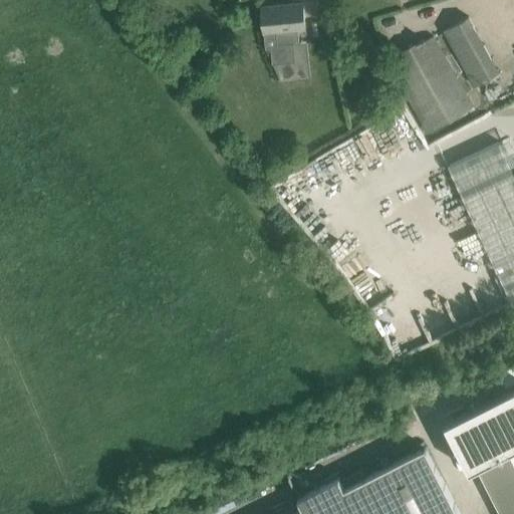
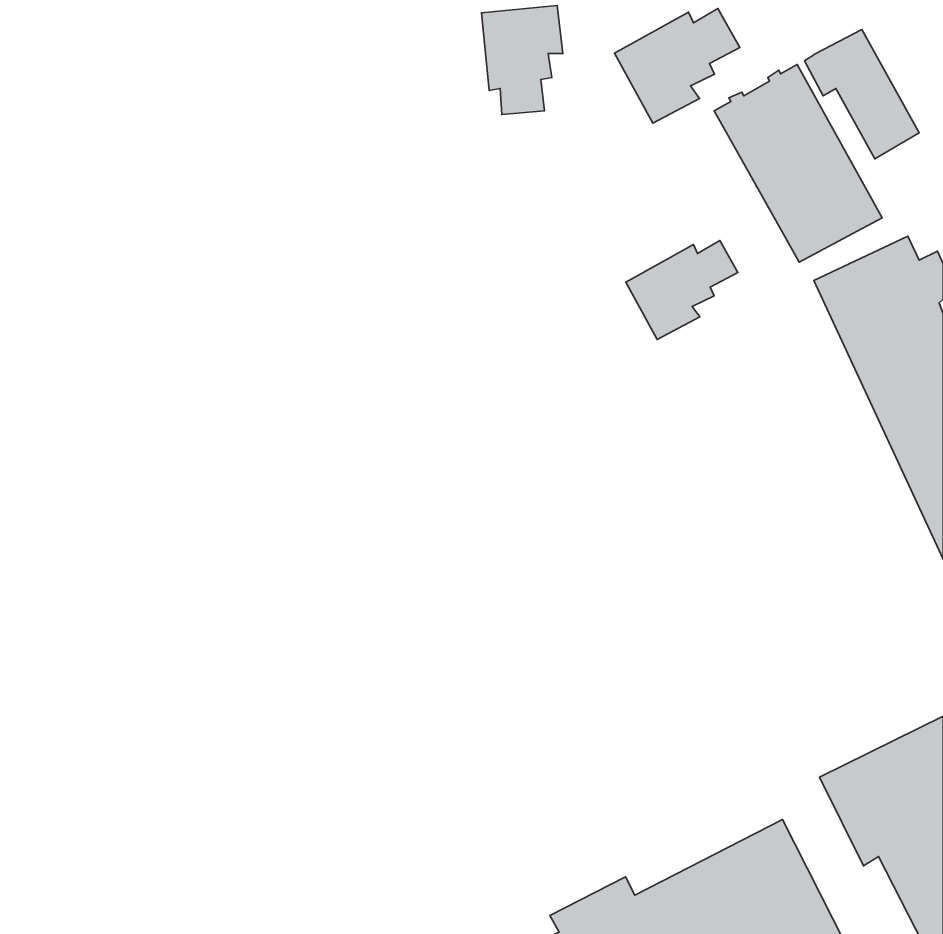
building: none -> [614,9,740,123]
building: none -> [626,241,738,340]

